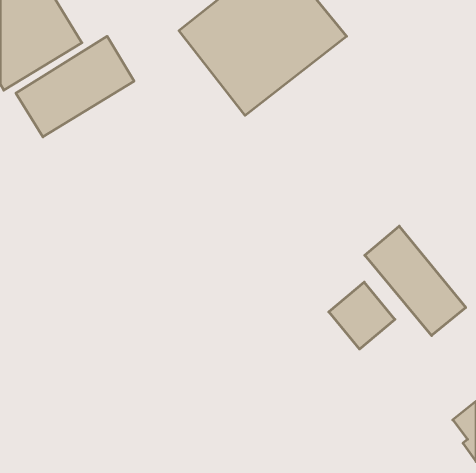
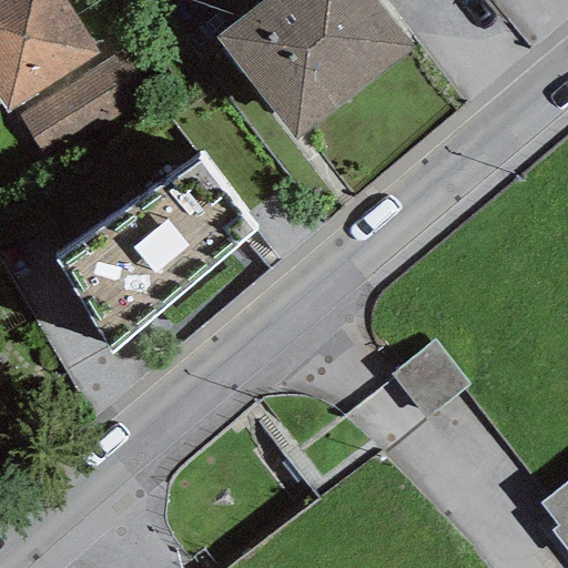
building: none -> [53,156,253,352]
building: [365,226,466,336] -> none

